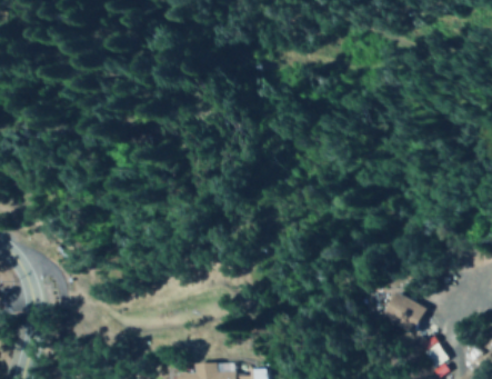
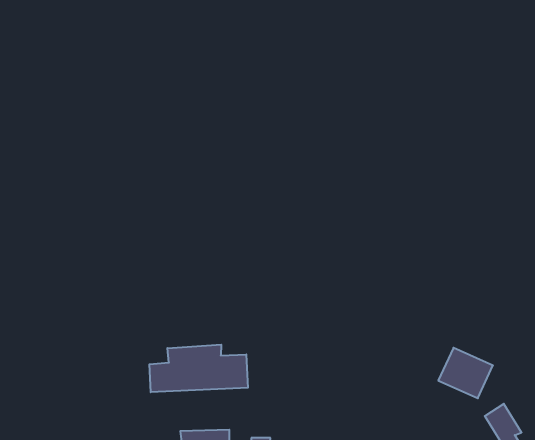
building: none -> [149,345,248,392]

